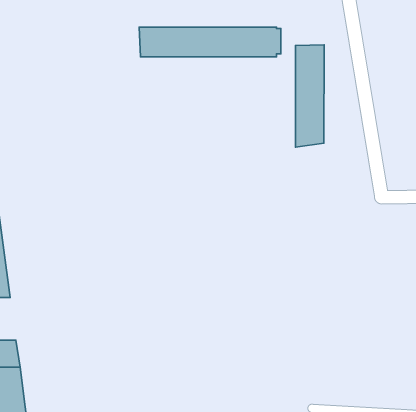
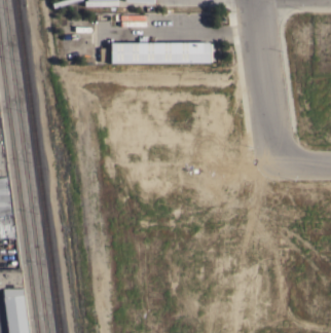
building: [296,45,324,147] -> none

